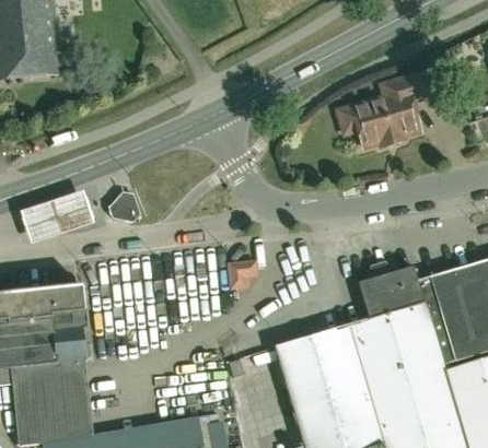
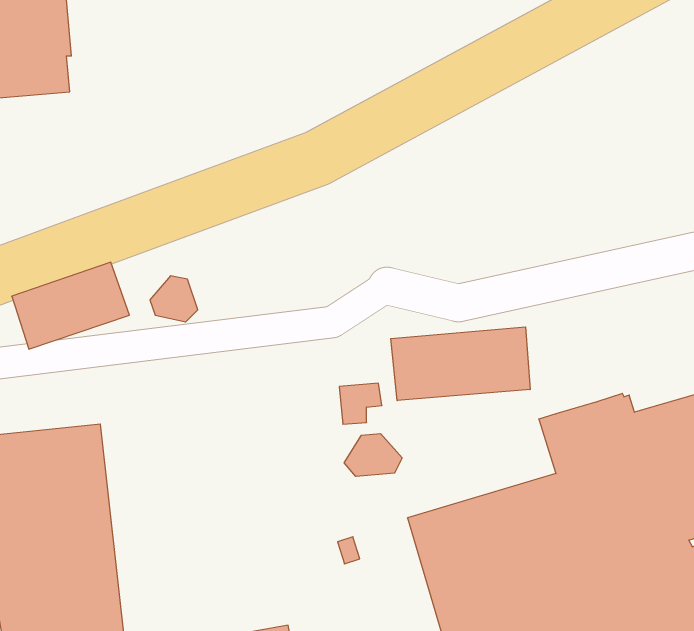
building: [349,69,440,146] -> none
building: none -> [391,327,530,401]
building: none -> [344,434,402,476]

